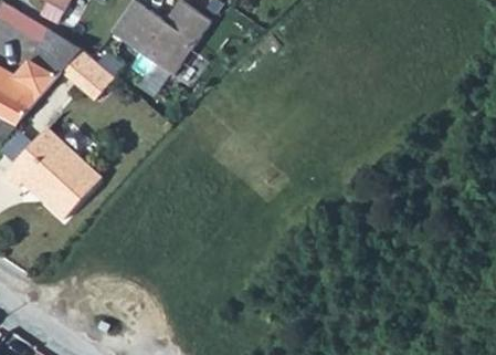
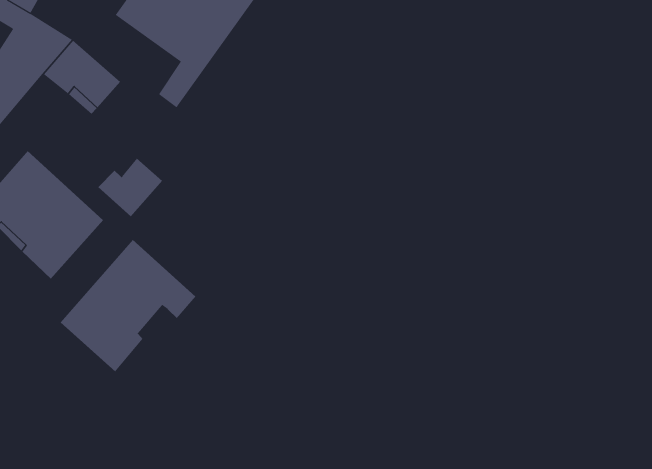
building: none -> [97,158,163,217]
building: none -> [60,239,196,372]

